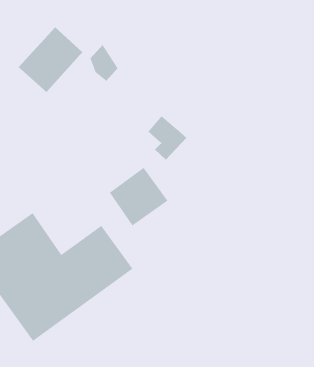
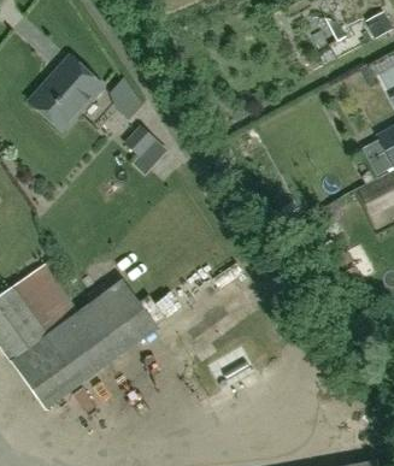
building: [148,115,187,160] -> [123,125,167,176]
building: [109,167,168,226] -> none

